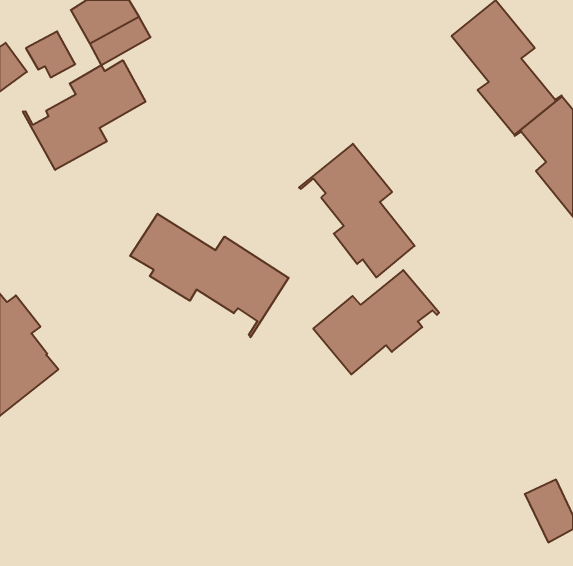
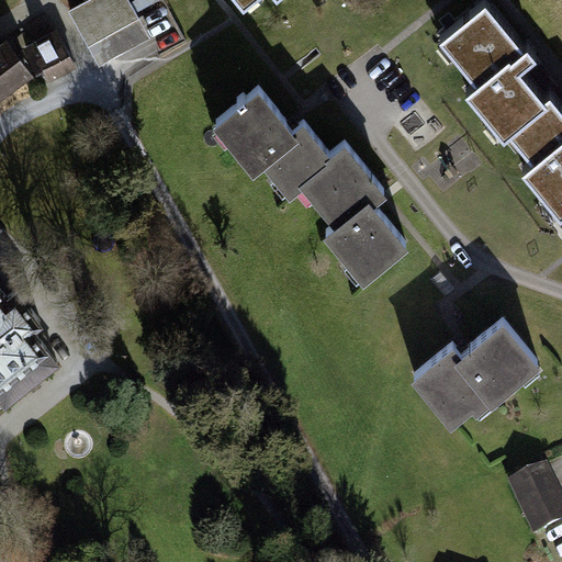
building: [23,60,145,170] -> none
building: none -> [221,92,345,191]
building: [130,214,289,337] -> none
building: [313,270,439,374] -> [414,324,537,426]

